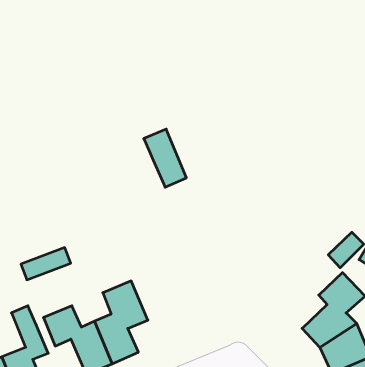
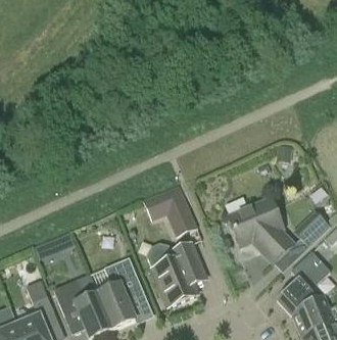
building: [144,129,186,187] -> [158,186,195,236]
building: none -> [227,197,293,263]
building: none -> [151,242,199,305]

